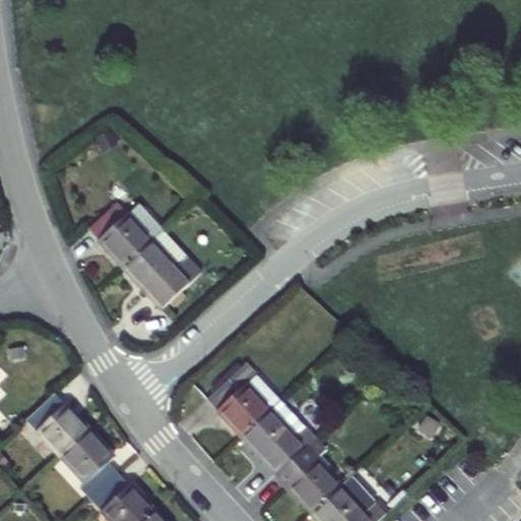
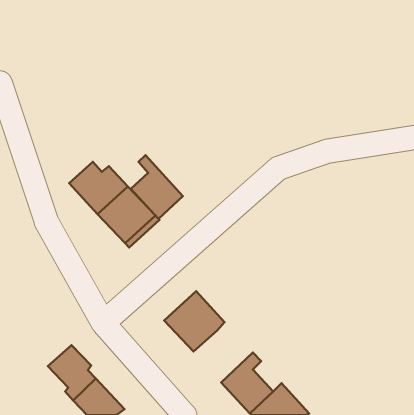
building: none -> [131,155,183,219]
building: [27,394,92,458] -> none
building: [244,403,319,478] -> none

